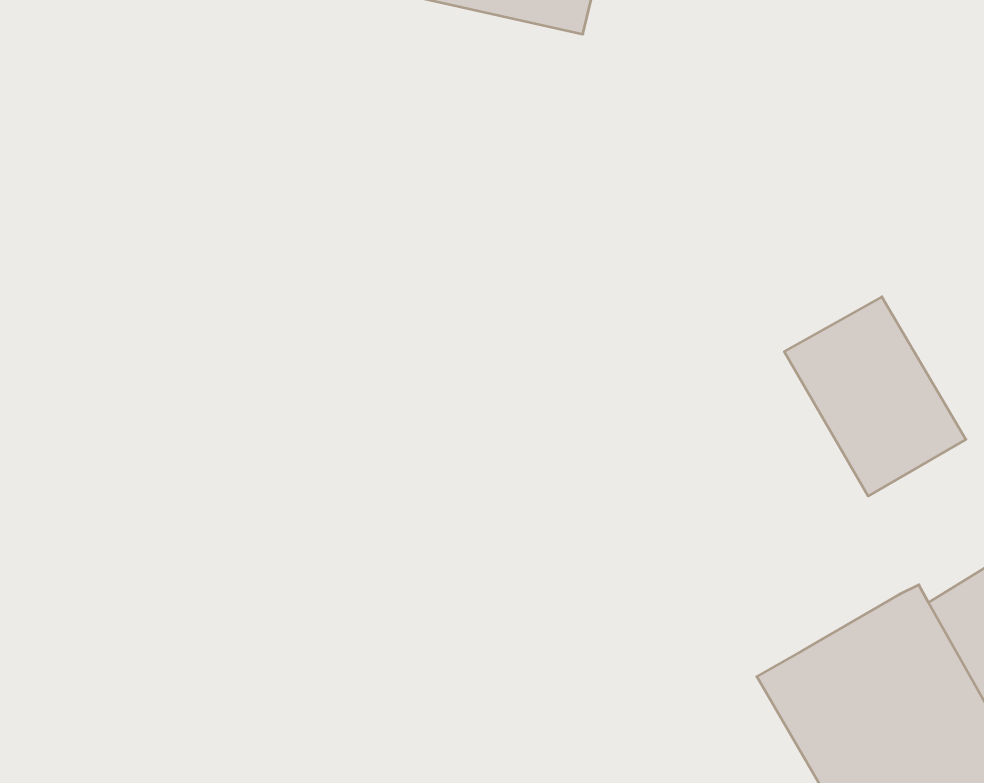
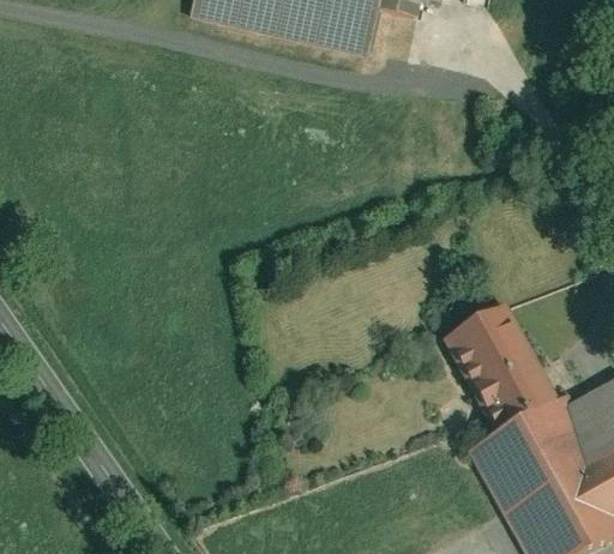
building: [784,297,966,496] -> [446,311,558,433]

